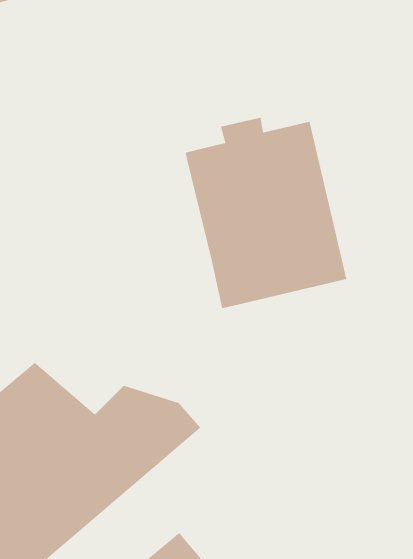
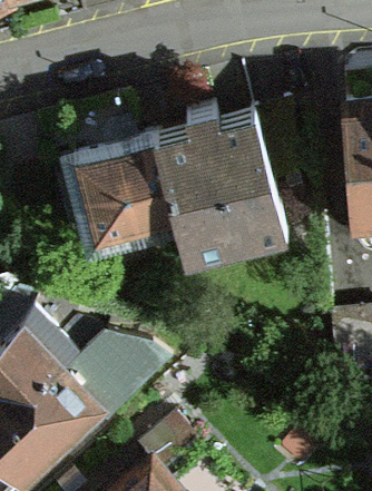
building: none -> [74,146,175,247]

